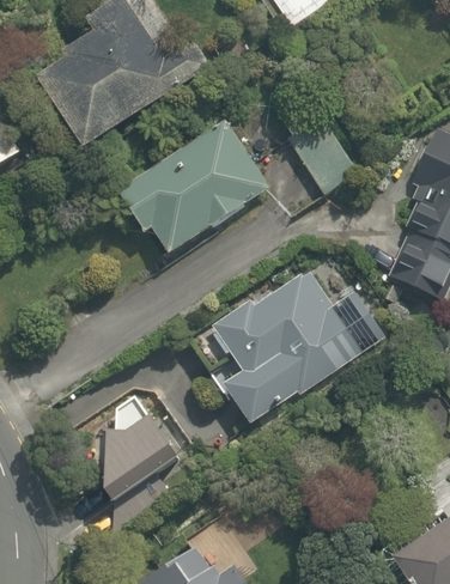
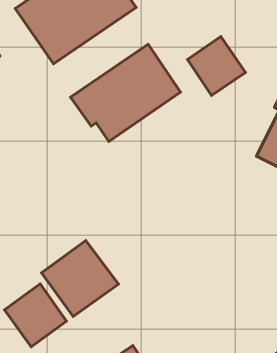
building: [189,267,382,422] -> none
building: none -> [5,284,66,347]

